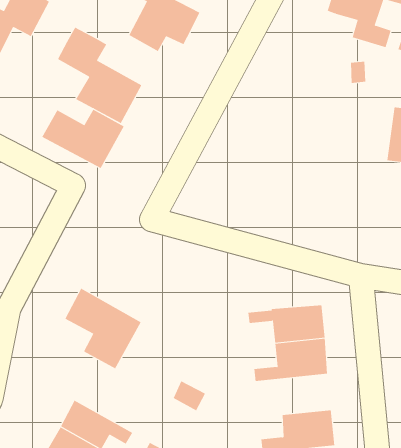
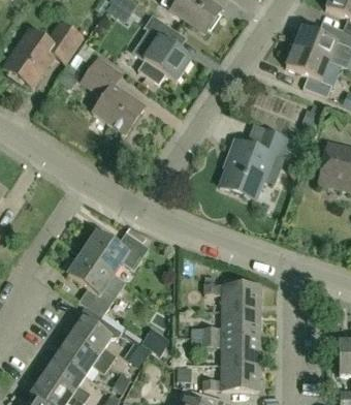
building: none -> [220,126,289,198]
building: [42,109,124,169] -> none
building: none -> [82,231,149,282]
building: none -> [68,313,121,364]
building: none -> [203,335,258,362]

